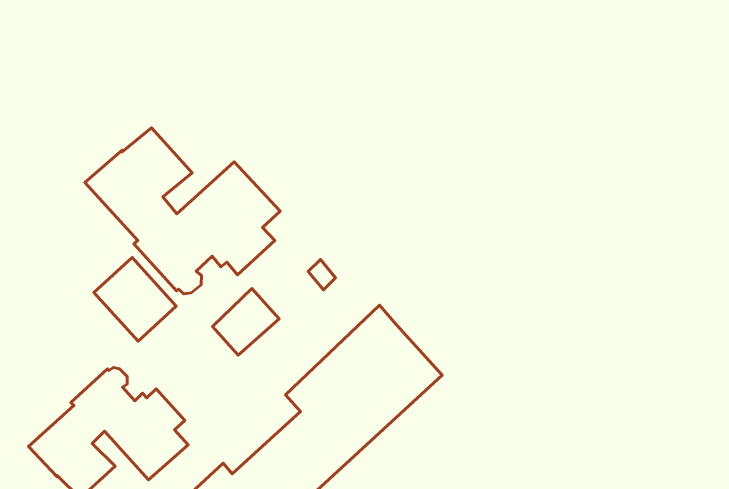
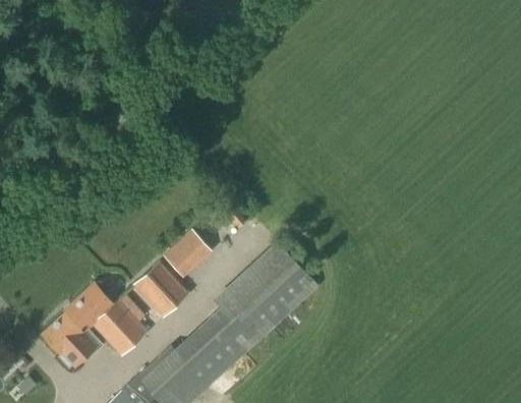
building: [85,128,280,294] -> none
building: [94,258,176,341] -> [133,262,188,318]

